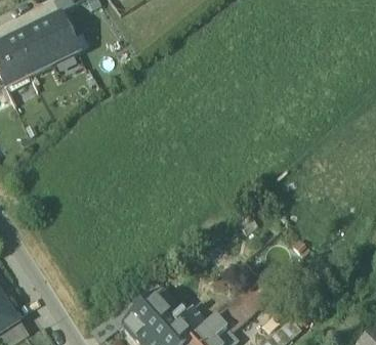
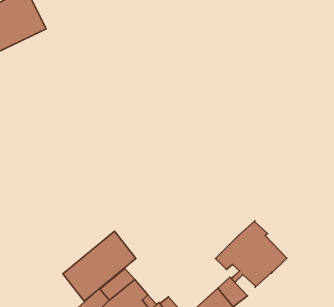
building: none -> [216,221,287,287]
building: none -> [63,231,136,301]

